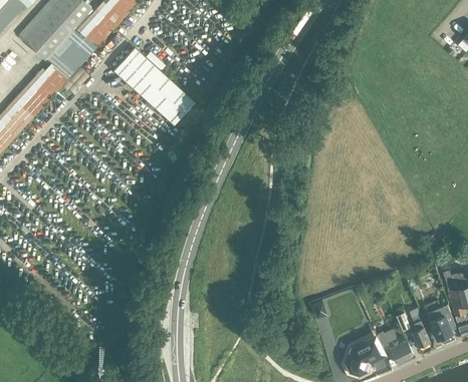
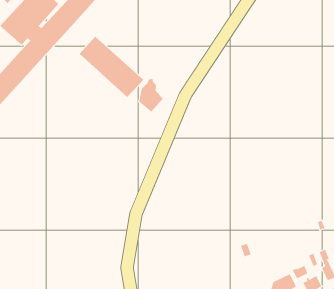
building: none -> [139,78,164,113]

